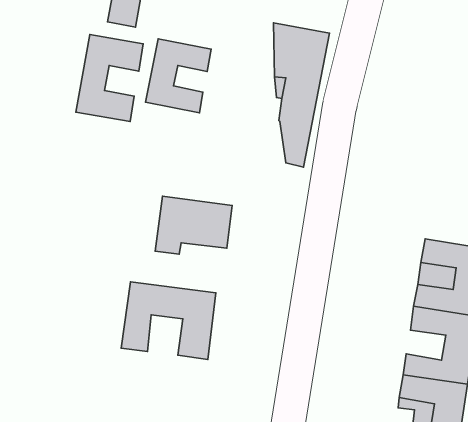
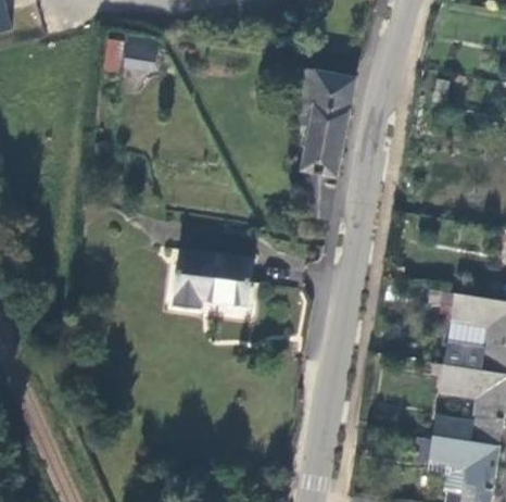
building: [76,35,143,121] -> none
building: [145,39,211,113] -> none
building: [121,282,216,360] -> none

